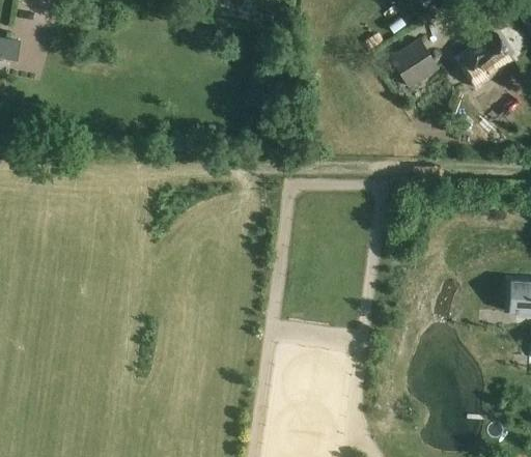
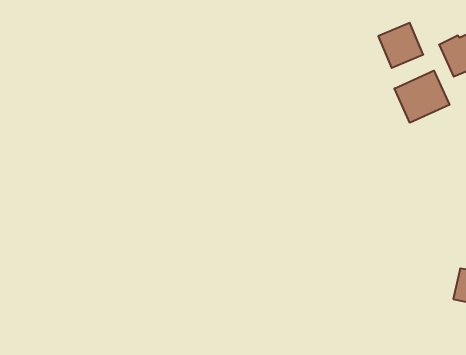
building: none -> [394,71,449,123]

